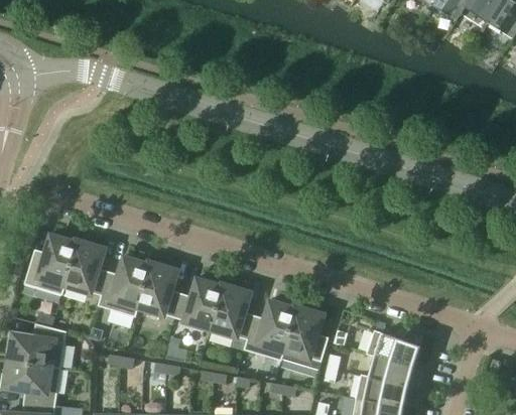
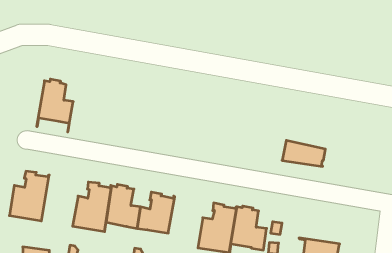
building: [61,240,109,305] -> [37,79,73,132]
building: [211,284,254,350] -> none
building: [366,329,419,366] -> [282,140,325,166]

